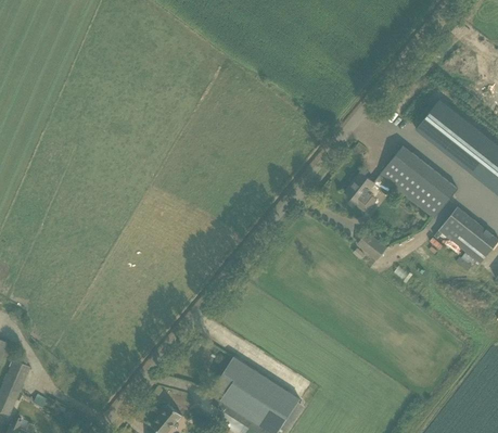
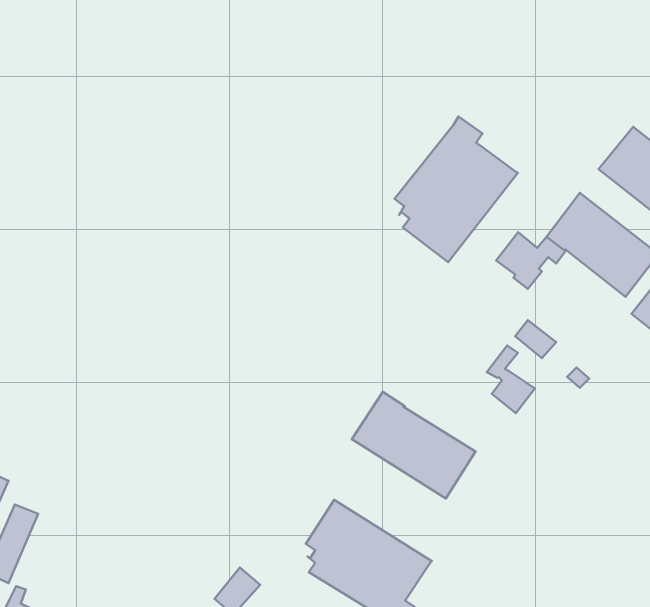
building: none -> [394,116,518,262]
building: none -> [487,345,535,413]
building: none -> [352,392,476,499]

